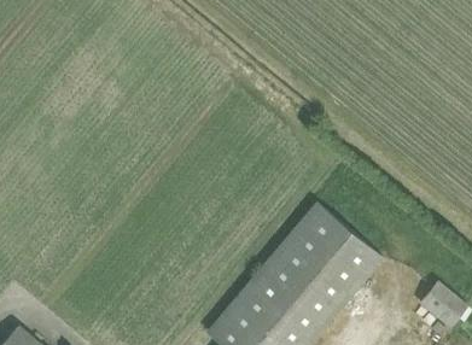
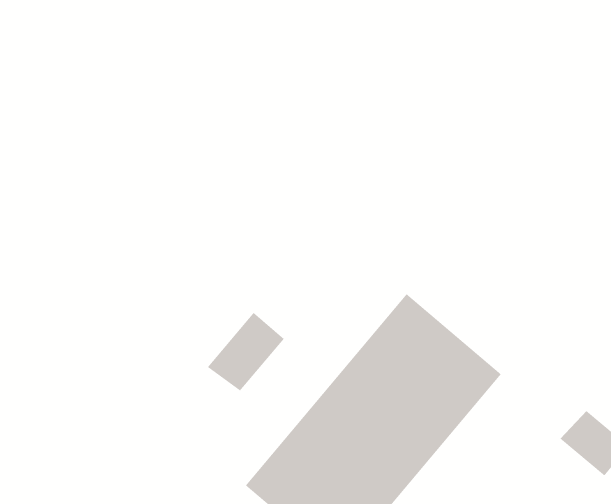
building: none -> [207,312,285,392]

